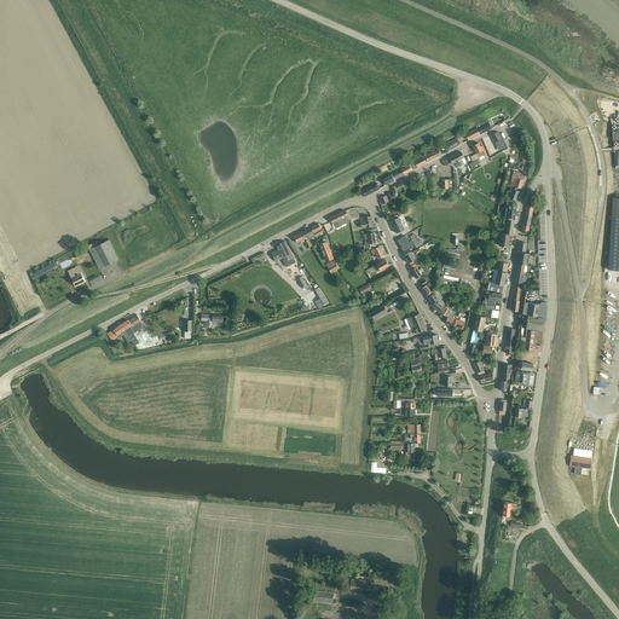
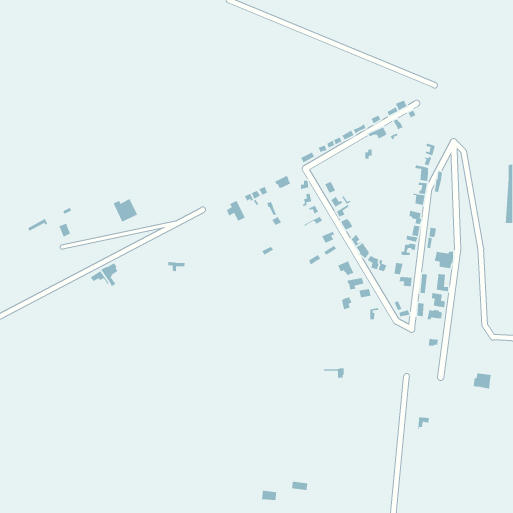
building: [88,239,118,270] -> [113,198,138,223]

